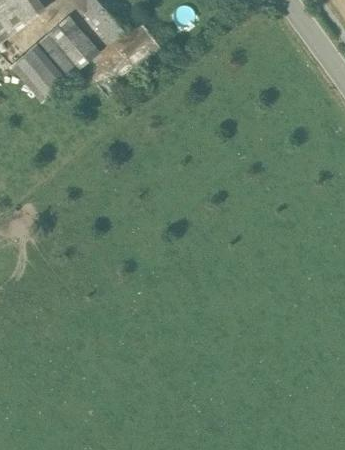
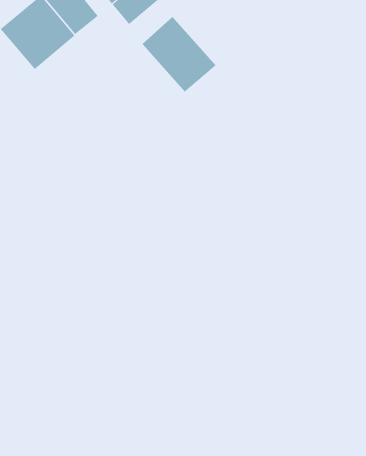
building: none -> [142,16,217,92]

